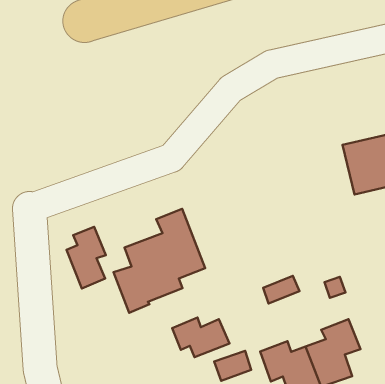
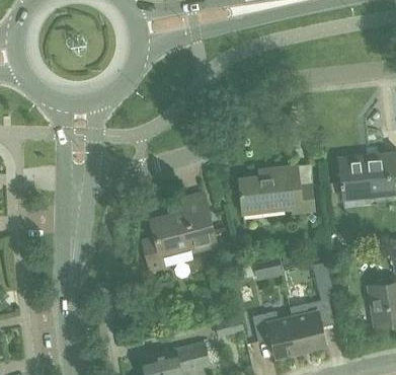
building: none -> [238,166,315,215]
building: [67,227,106,289] -> none
building: [172,318,229,357] -> none

